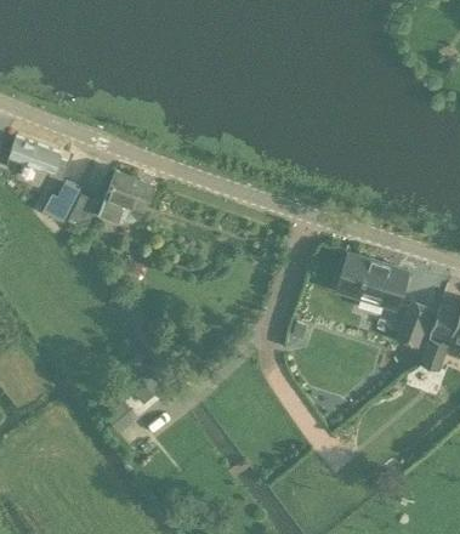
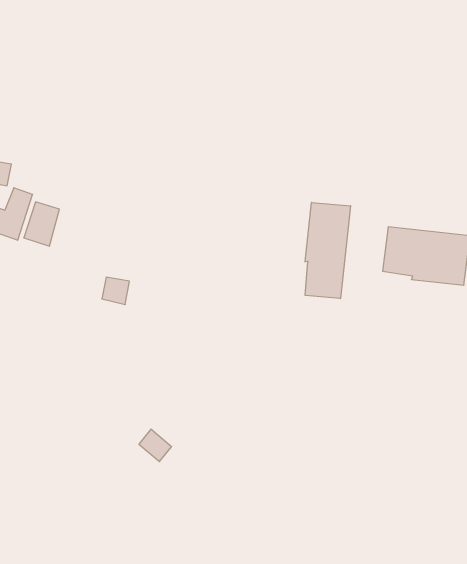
building: [100,170,153,218] -> none
building: none -> [305,202,351,299]

